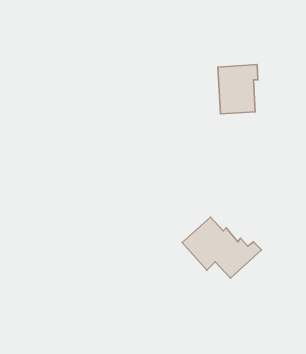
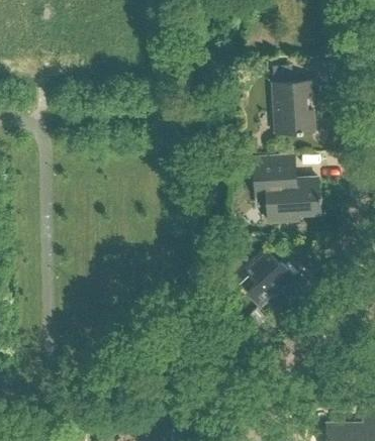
building: none -> [252,156,320,221]

